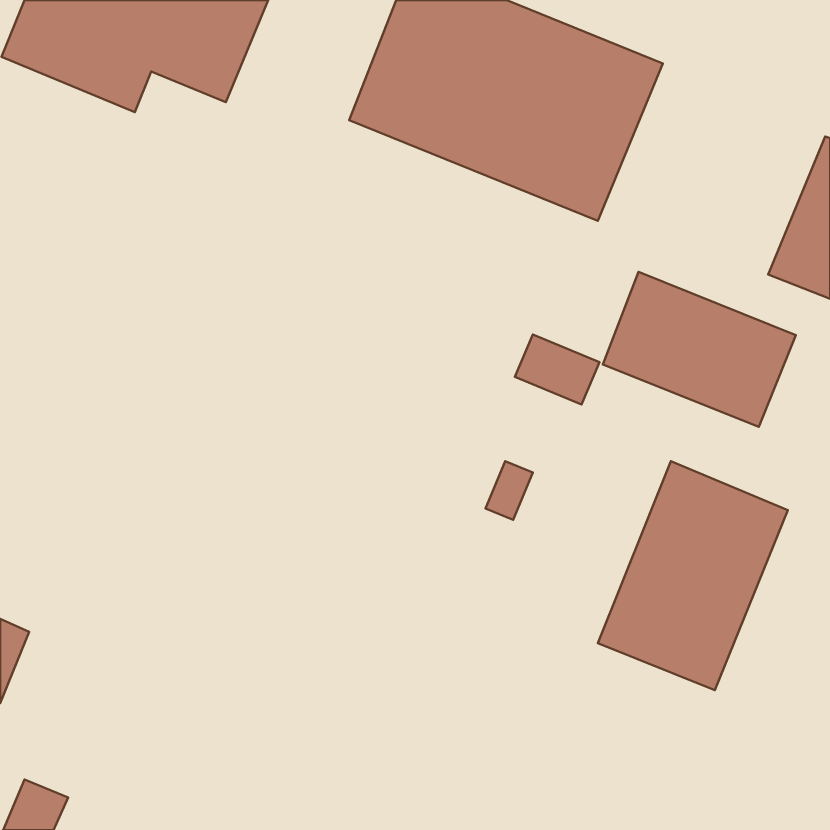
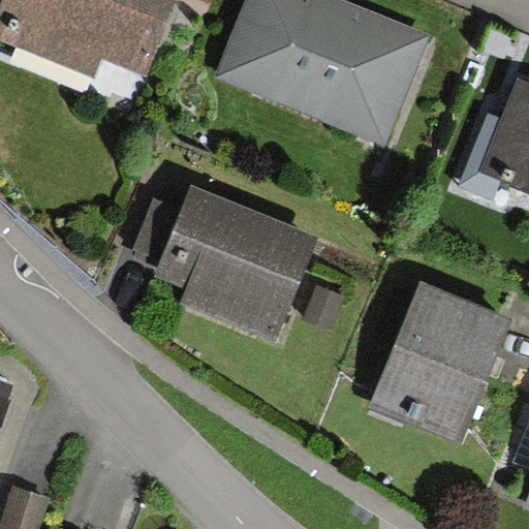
building: [603,272,796,427] -> none
building: none -> [138,194,311,335]

